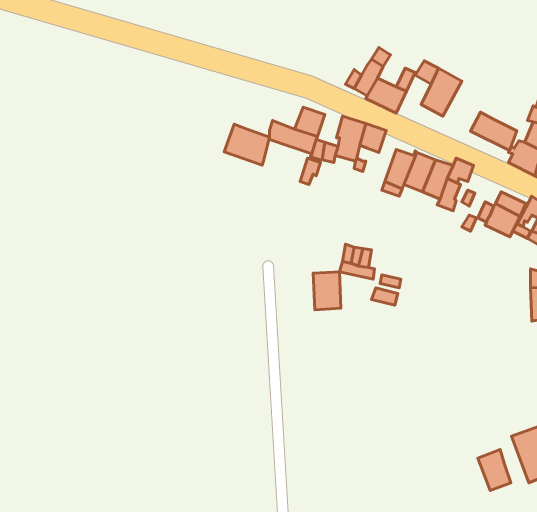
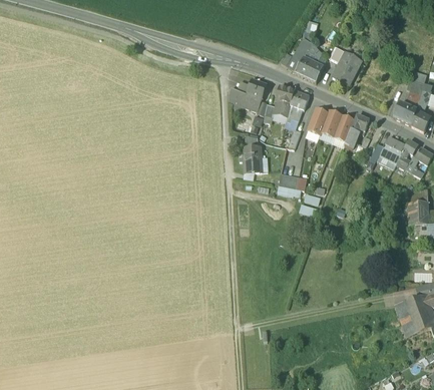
building: [471,112,517,151] -> none
building: [224,124,270,165] -> none
building: [313,272,341,310] -> [243,147,262,173]
building: [478,449,511,490] -> none

